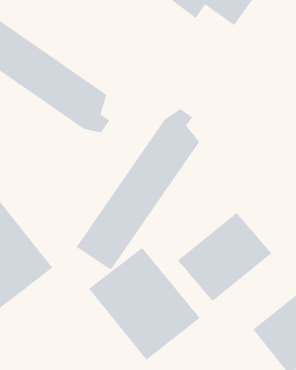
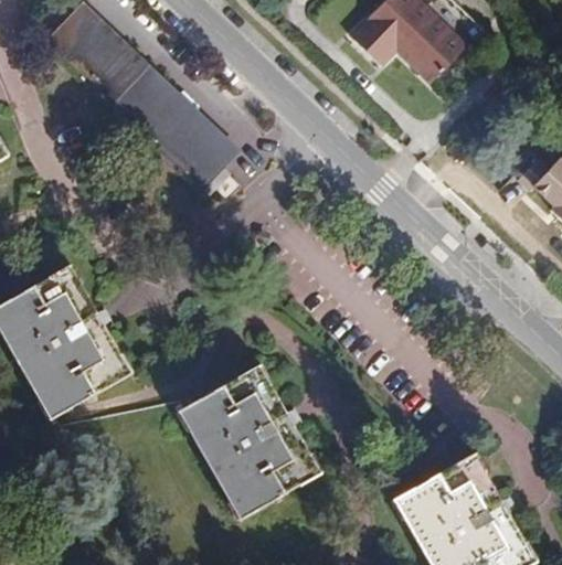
building: [76,108,200,271] -> none
building: [177,212,272,302] -> none

